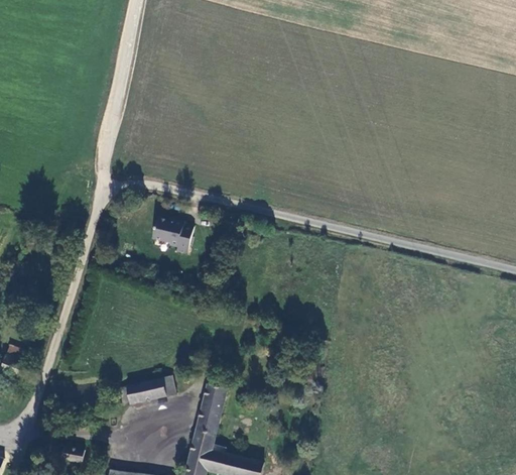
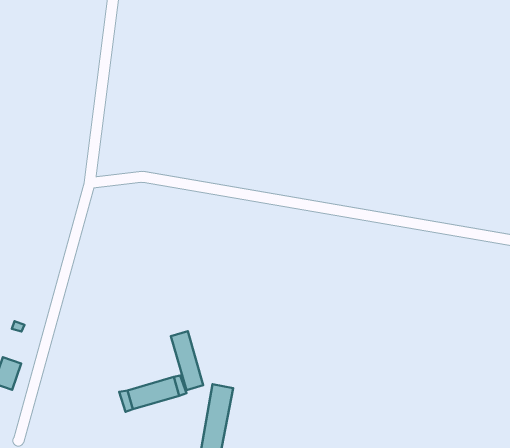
building: [152,216,192,252] -> none
building: none -> [171,331,203,390]

